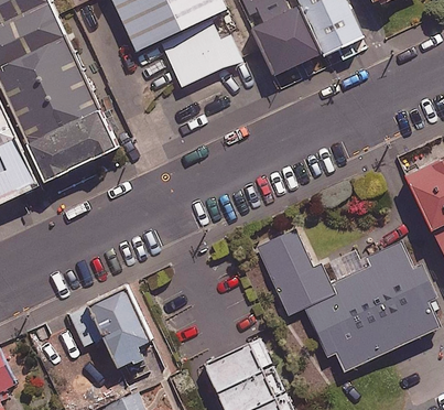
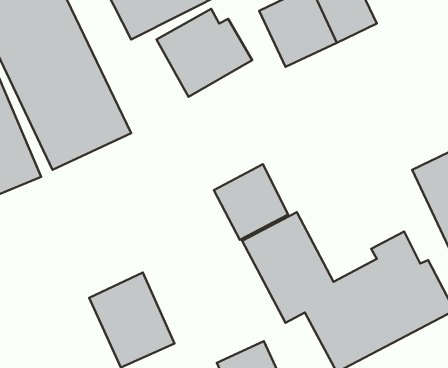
building: none -> [214,164,288,240]

